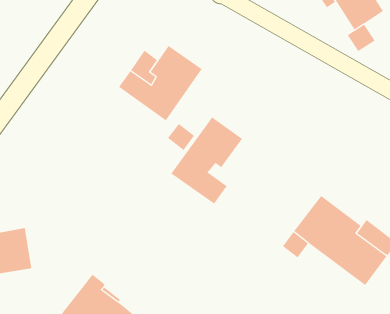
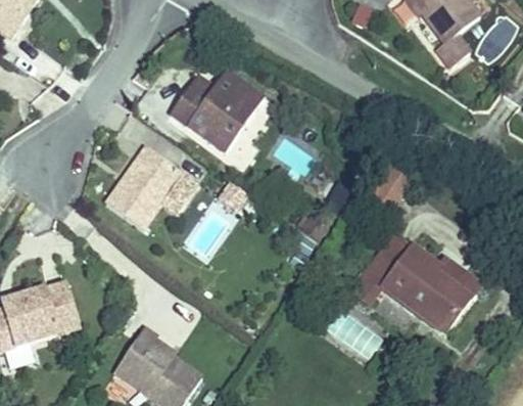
building: none -> [109,156,187,238]
building: [171,116,243,205] -> none

